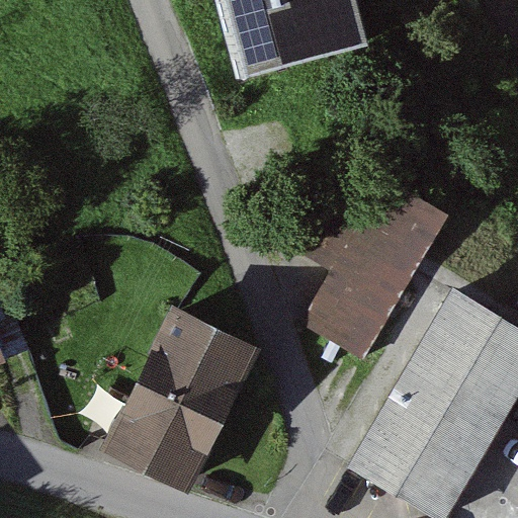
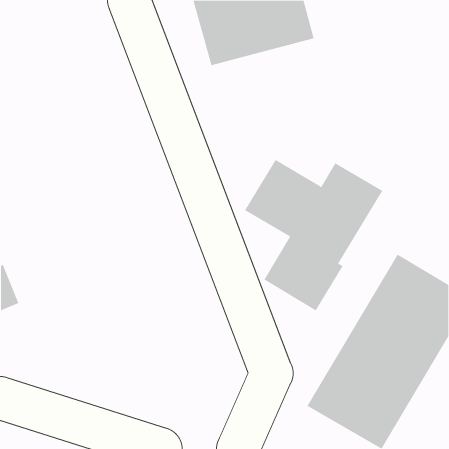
building: [111,313,252,483] -> none

